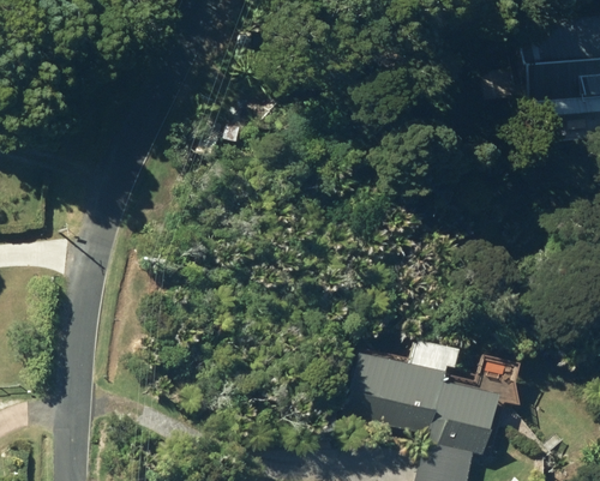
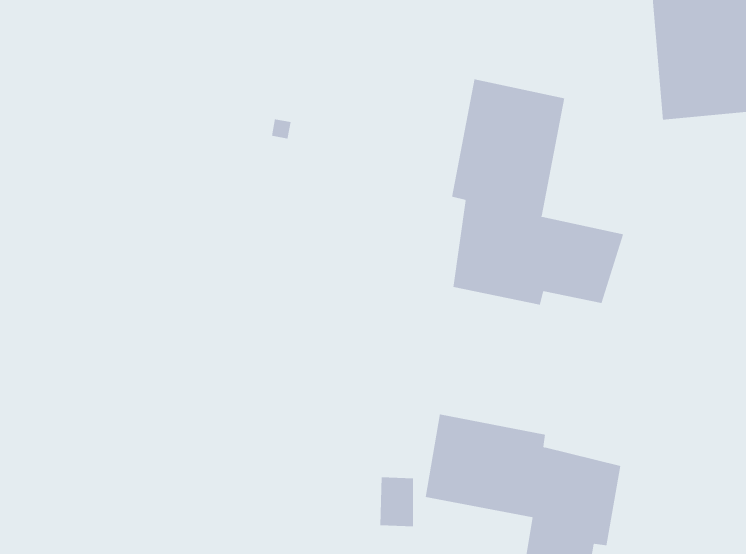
building: none -> [452,79,624,305]

